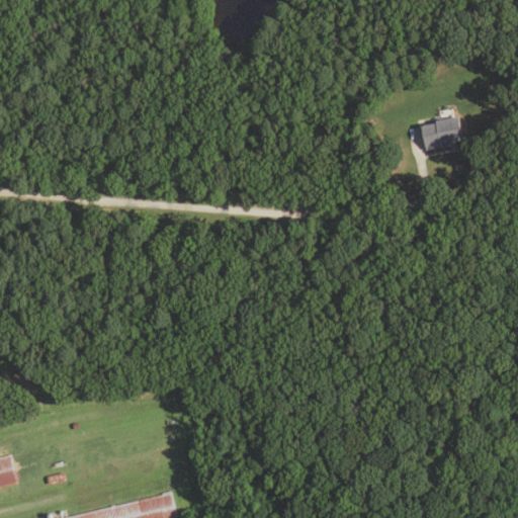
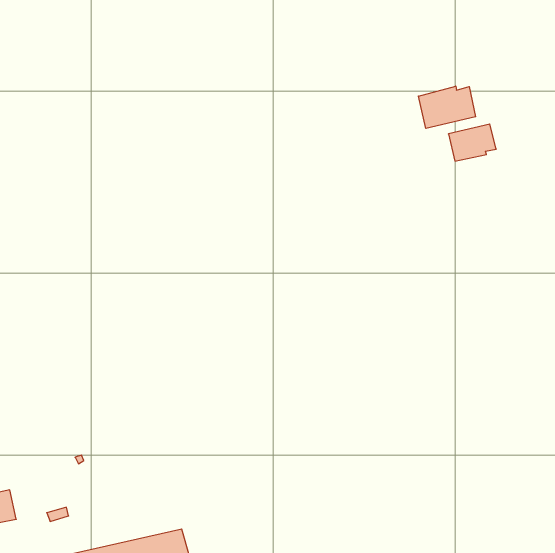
building: none -> [418,86,476,128]

